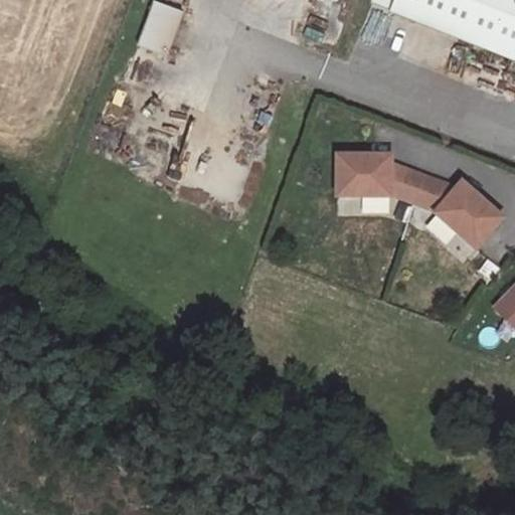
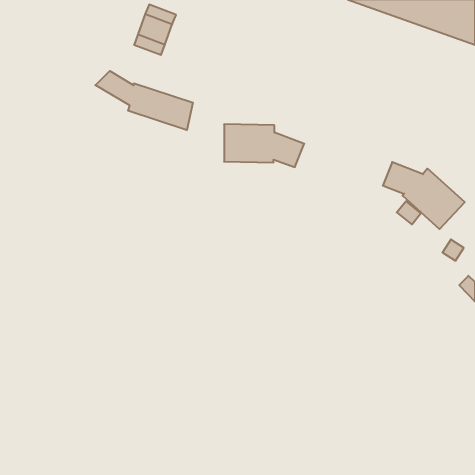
building: none -> [95,71,193,130]
building: [337,154,423,200] -> [224,124,304,167]

